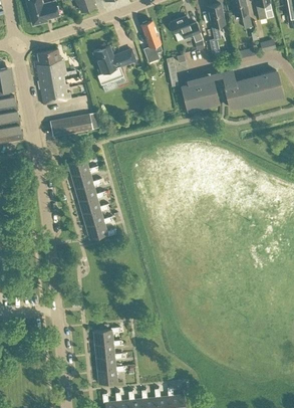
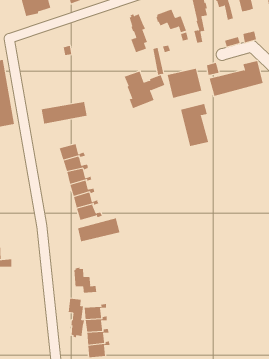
building: [91,45,134,85] -> [124,71,165,109]
building: [33,49,69,104] -> none
building: none -> [181,103,209,147]
building: none -> [77,218,120,242]
building: none -> [74,267,97,293]
building: none -> [68,298,85,338]

